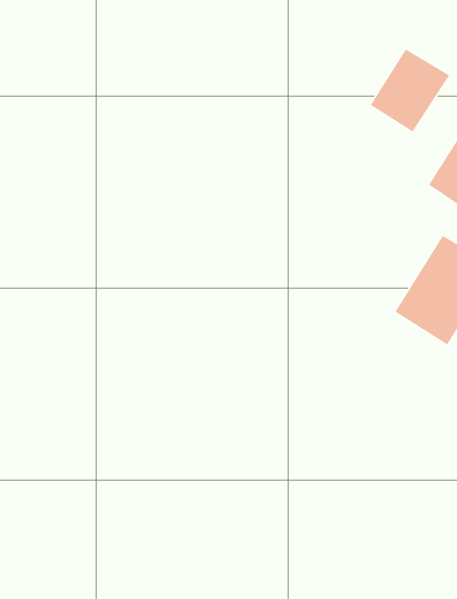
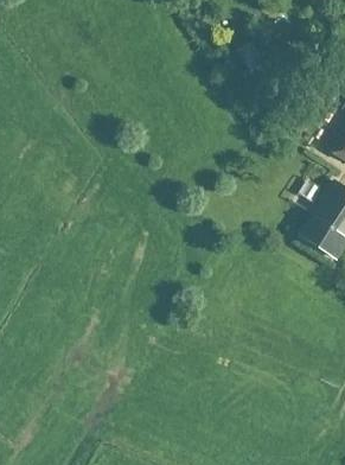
building: [370,48,450,132] -> none

